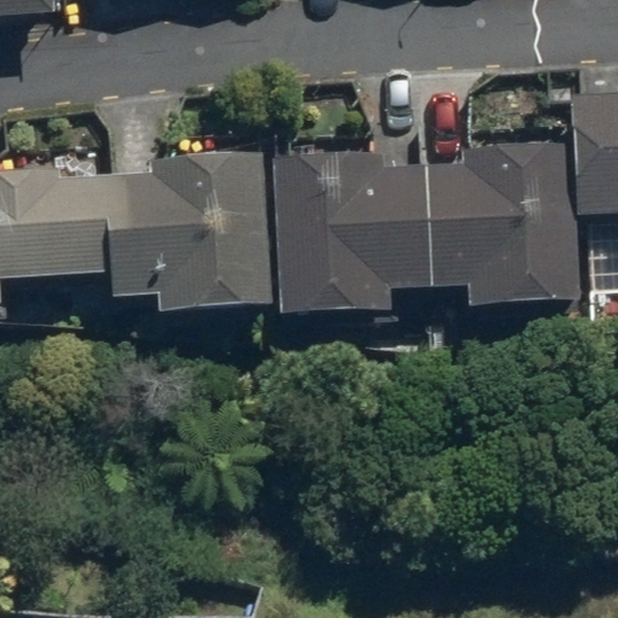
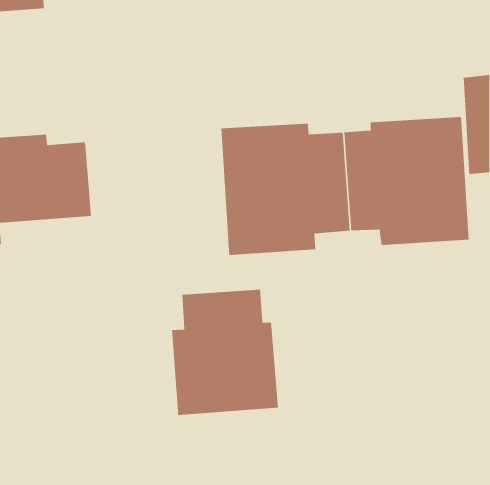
building: [106,150,273,310] -> none
building: none -> [171,289,279,416]

